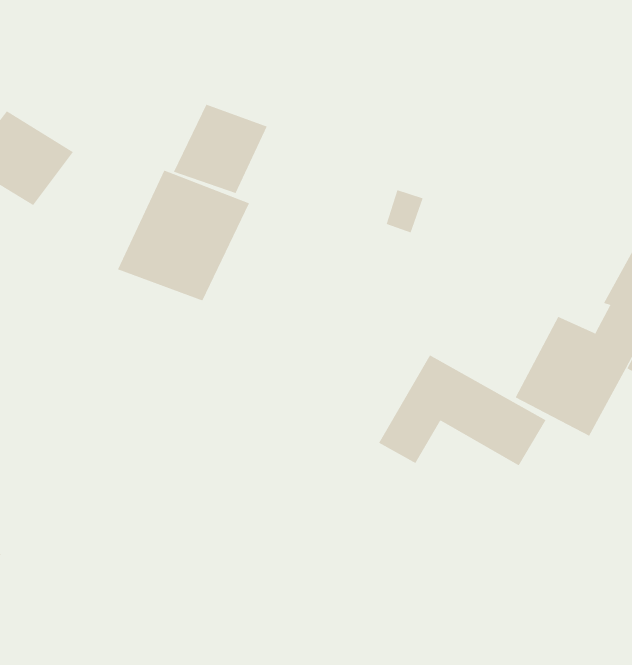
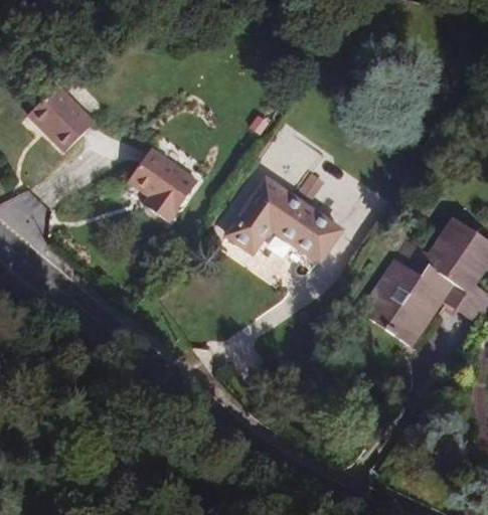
building: [173,104,268,194] -> none
building: [378,355,547,466] -> [230,178,344,260]

